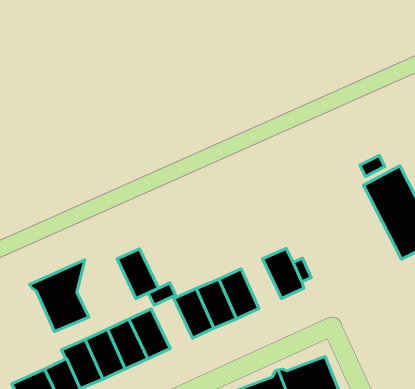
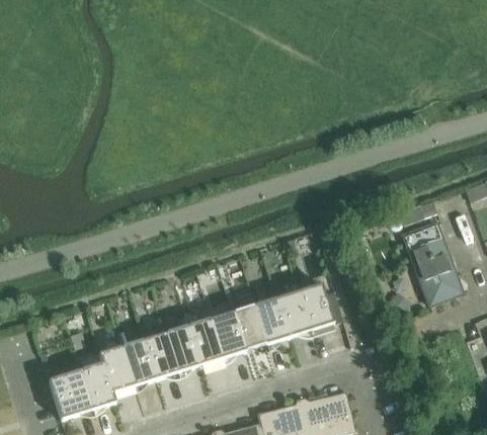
building: [117,249,158,299] -> [187,320,223,366]
building: none -> [276,292,311,339]
building: [30,260,89,331] -> none

